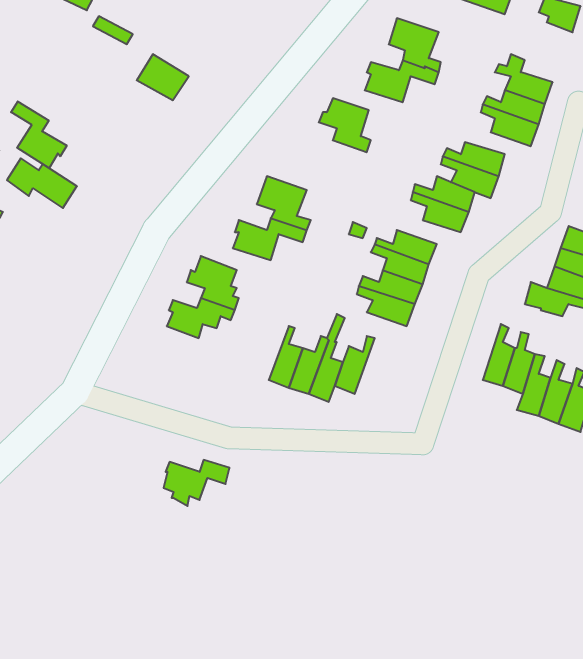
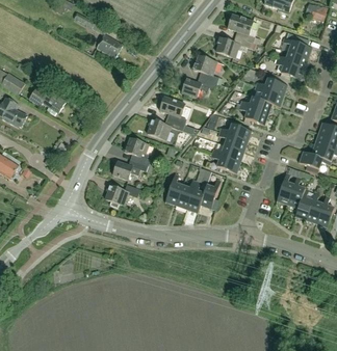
building: [11,101,67,168] -> none
building: none -> [181,77,216,98]
building: [164,460,230,506] -> [105,184,139,208]

